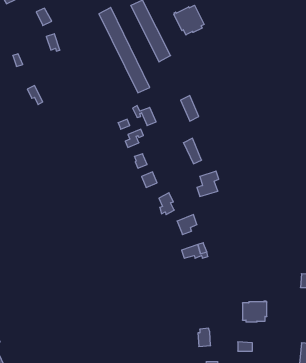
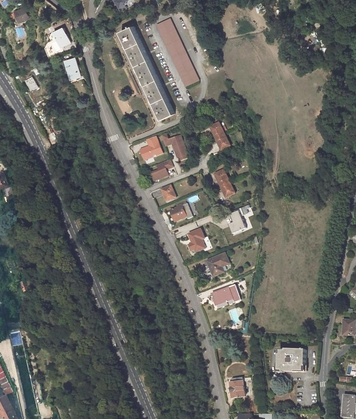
building: [174,5,204,35] -> none

